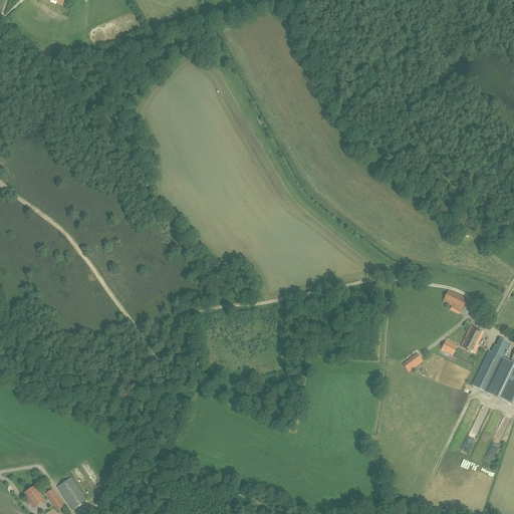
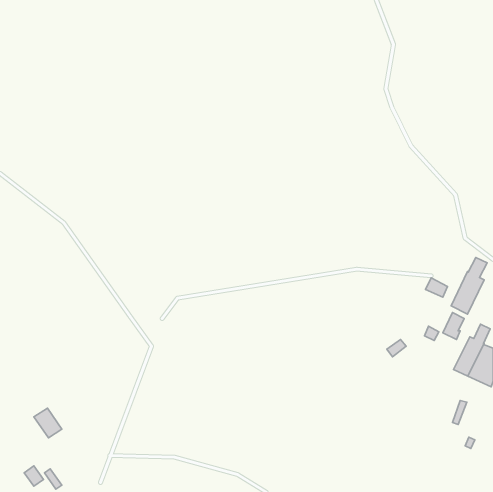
building: none -> [451,257,487,314]
building: [57,477,86,508] -> [34,408,62,438]

